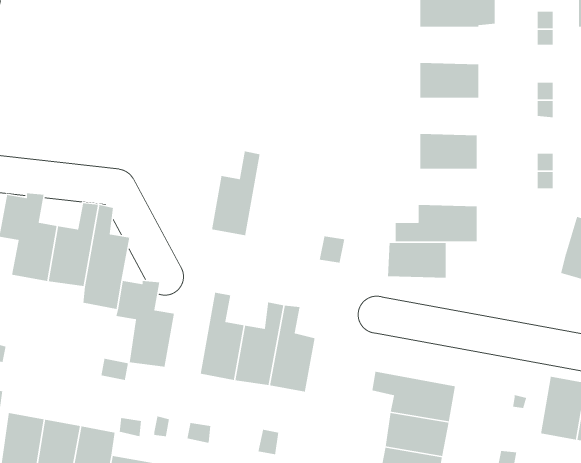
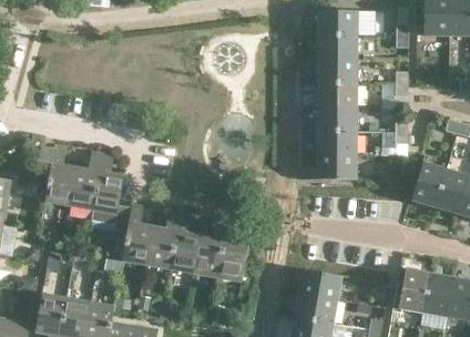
building: none -> [317,34,357,59]
building: none -> [317,82,357,106]
building: [211,150,261,236] -> [146,210,180,267]
building: [387,242,447,278] -> [316,130,356,154]

